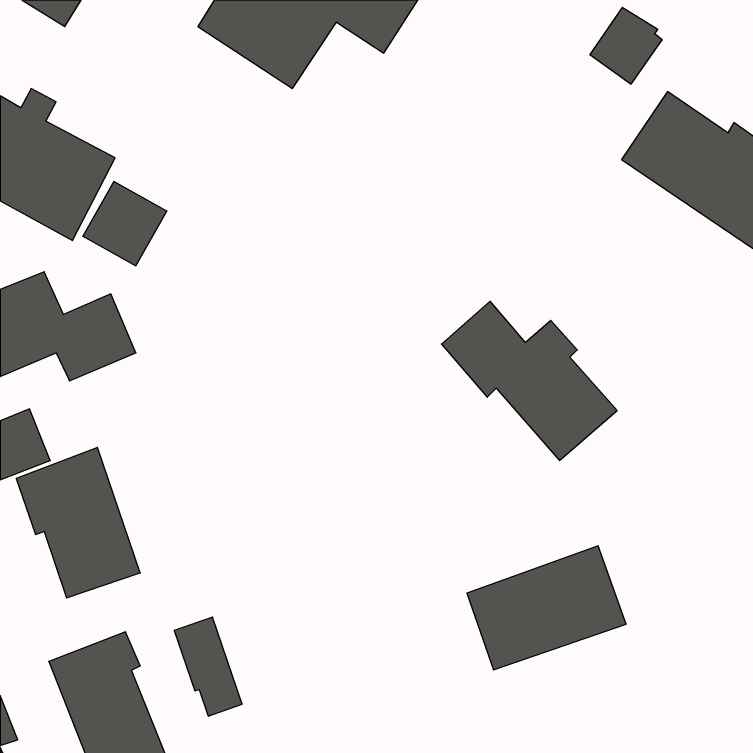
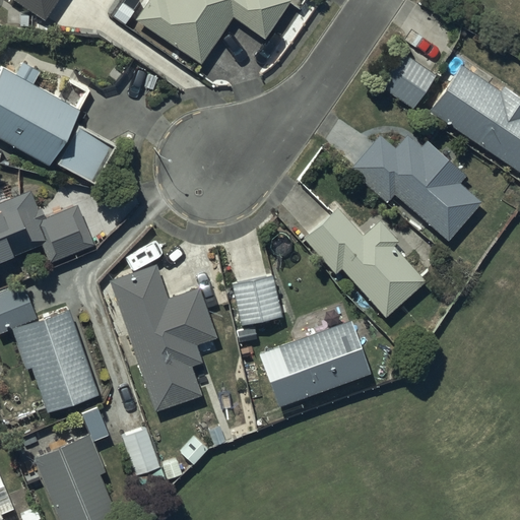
building: [590,7,662,84] -> [384,56,434,109]
building: none -> [349,135,480,240]
building: none -> [110,264,215,411]
building: none -> [233,276,282,326]
building: [467,546,626,670] -> [259,320,369,405]

